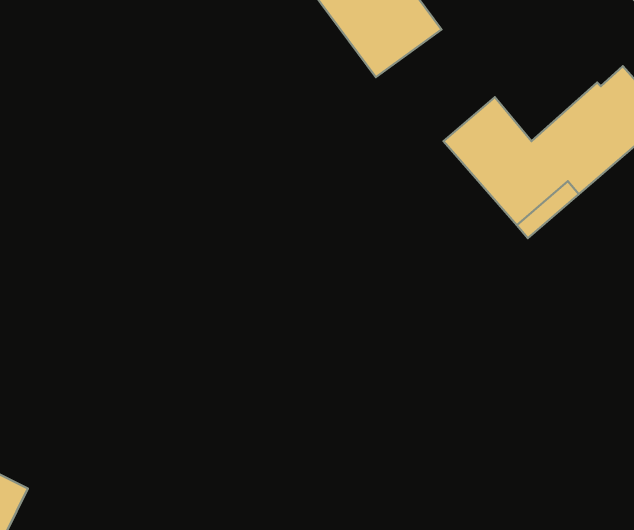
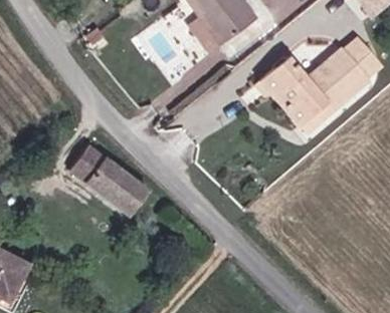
building: none -> [67,144,148,216]

